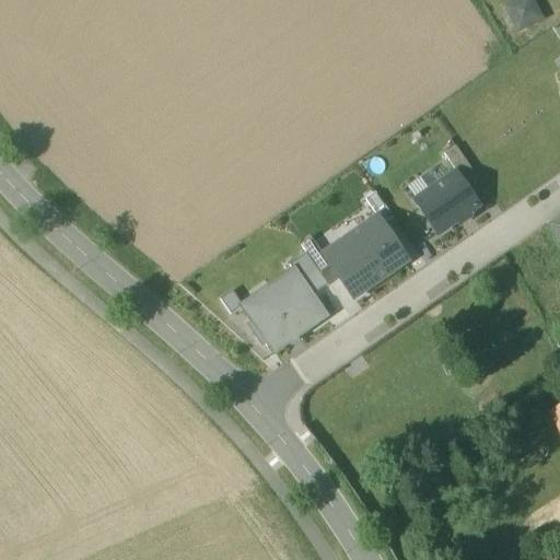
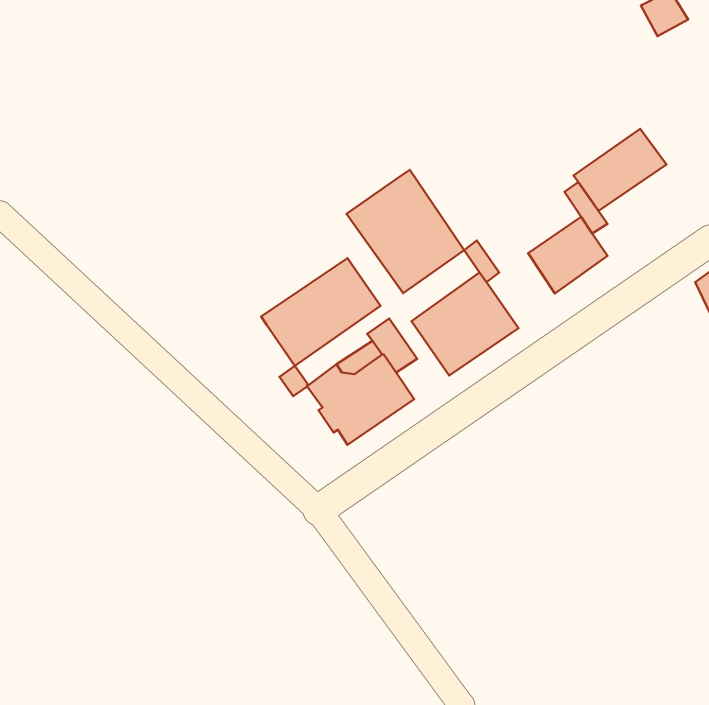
building: none -> [574,129,667,211]
building: none -> [346,170,464,293]
building: none -> [261,258,381,366]

